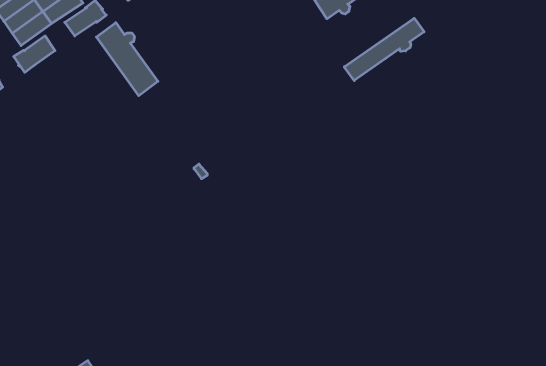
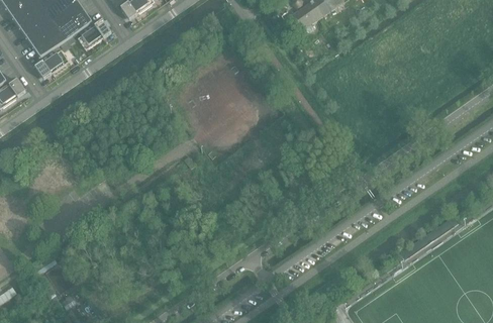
building: [344,18,424,81] -> none
building: [96,23,158,96] -> none

